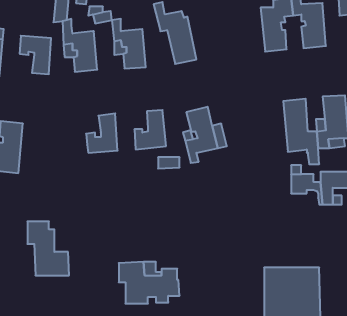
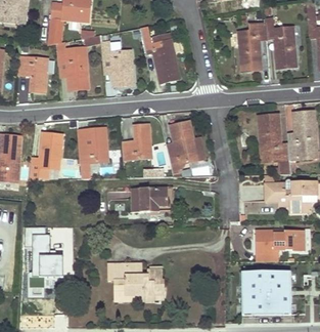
building: none -> [31,132,62,180]
building: none -> [131,186,168,211]
building: none -> [256,230,304,261]

